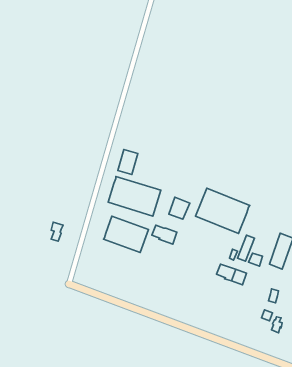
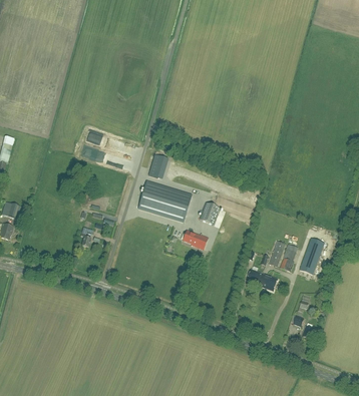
building: [195,188,250,234] -> none
building: [104,216,148,252] -> none

